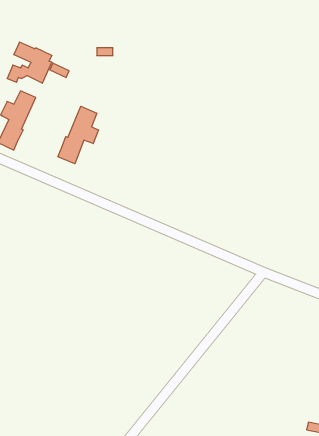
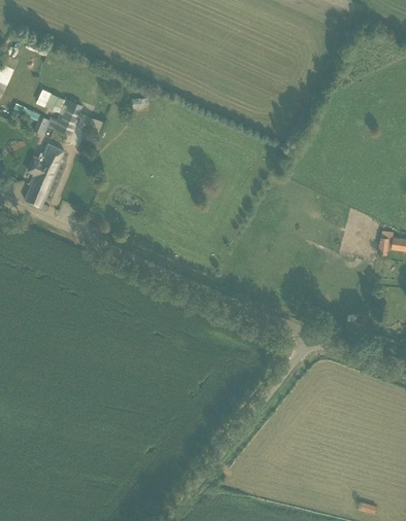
building: [58,106,98,164] -> none

